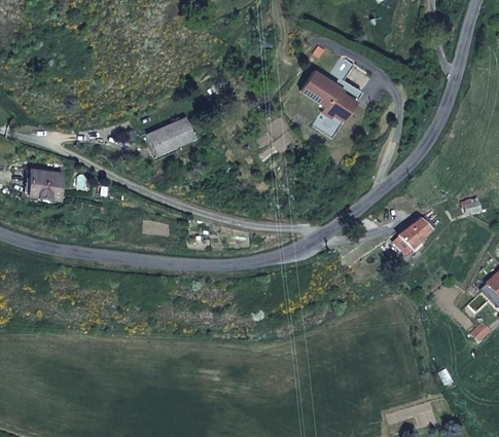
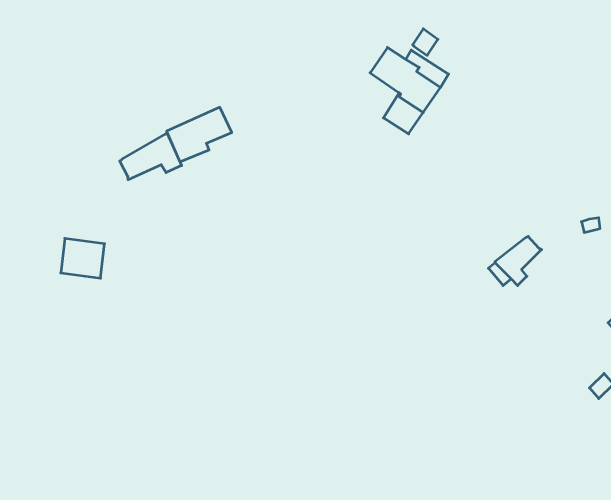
building: none -> [120,134,182,180]
building: [28,168,62,198] -> [61,238,105,278]

